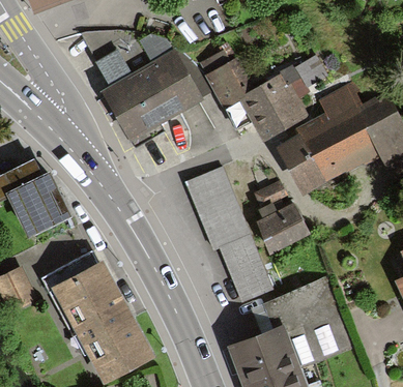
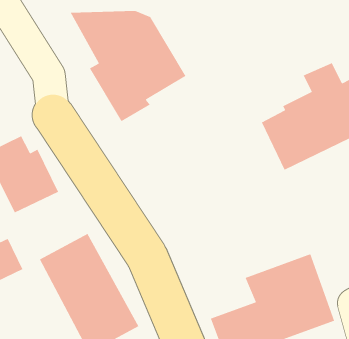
building: [207,56,327,141] -> none
building: [184,167,276,303] -> none
building: [254,179,311,252] -> none

